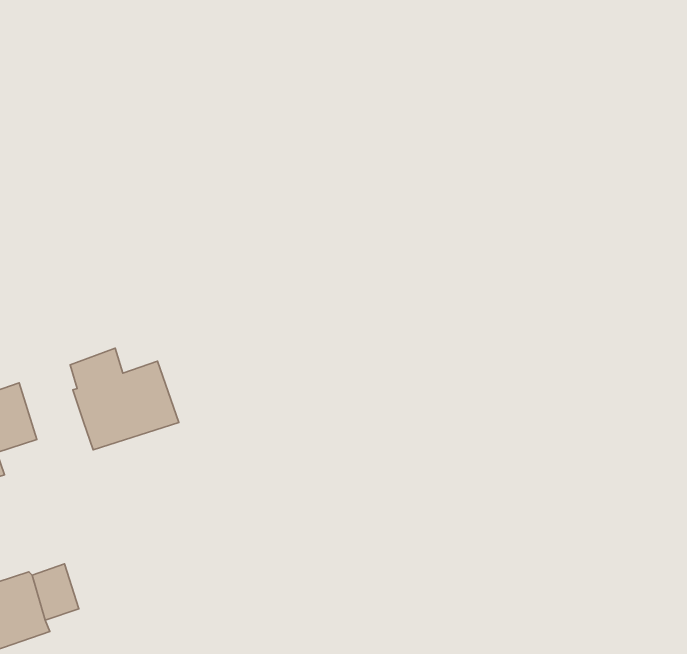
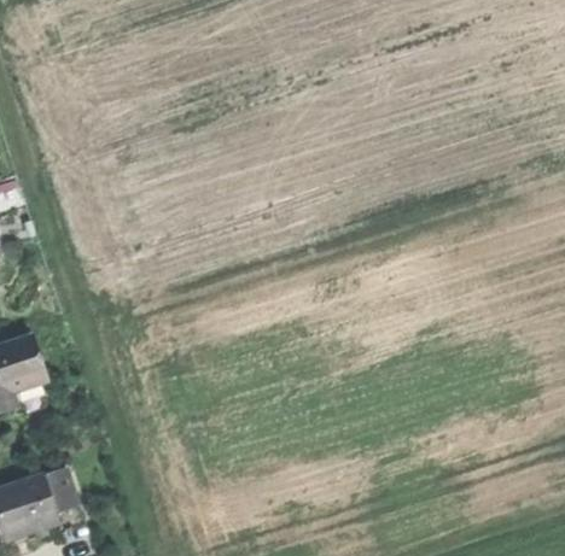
building: [70,348,179,450] -> none

